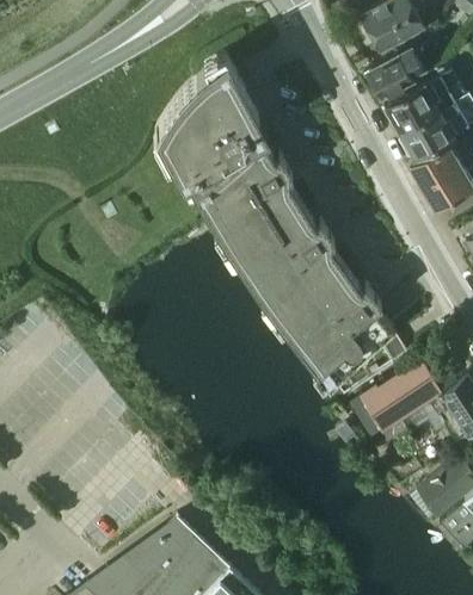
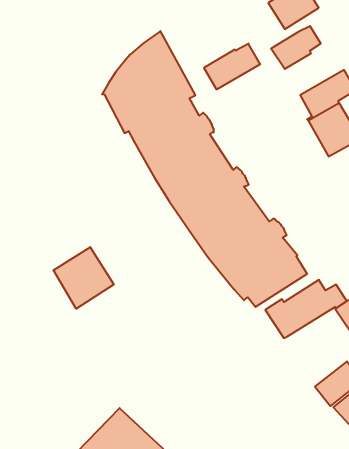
building: [383,78,453,134] -> [204,44,260,89]
building: none -> [53,247,114,309]

